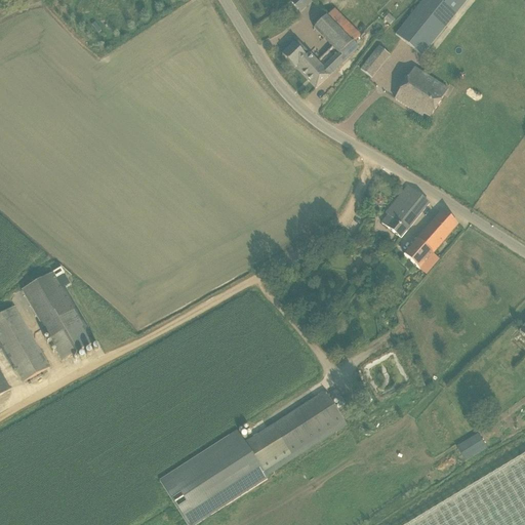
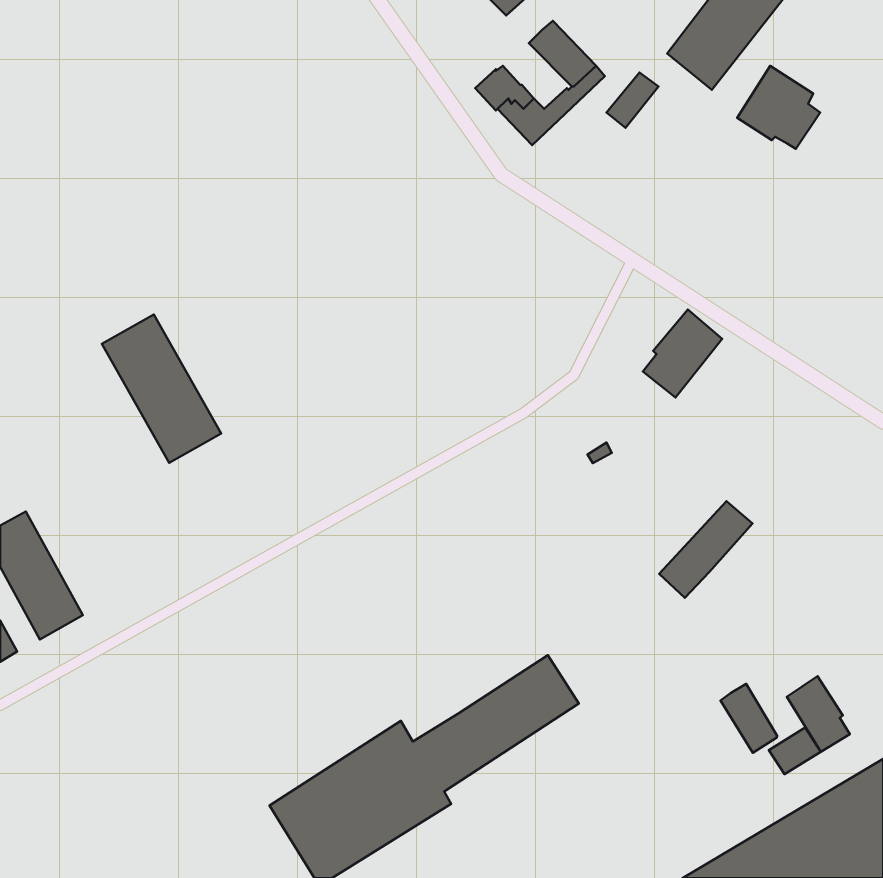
building: [395,66,444,115] -> [737,66,820,149]
building: [403,208,458,266] -> [659,501,752,598]
building: [23,270,93,358] -> [102,314,221,463]
building: none -> [787,676,850,752]
building: none -> [720,684,777,753]

